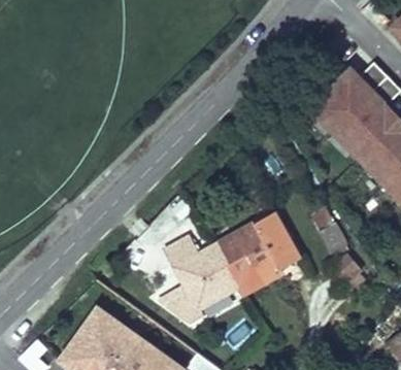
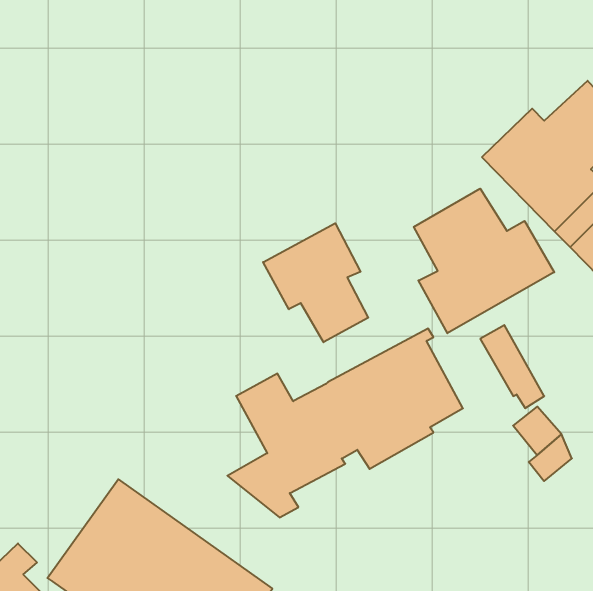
building: none -> [414,189,554,333]
building: none -> [263,223,368,342]

